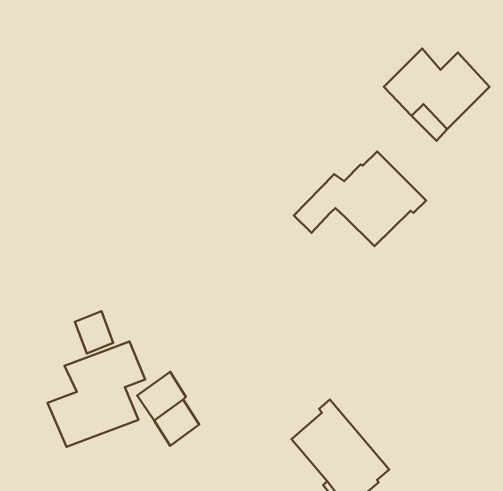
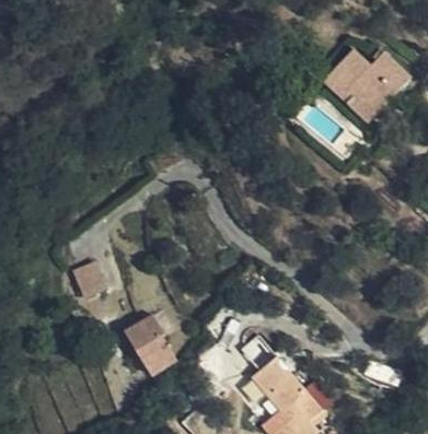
building: [294,151,426,246] -> none
building: [48,341,145,447] -> none

